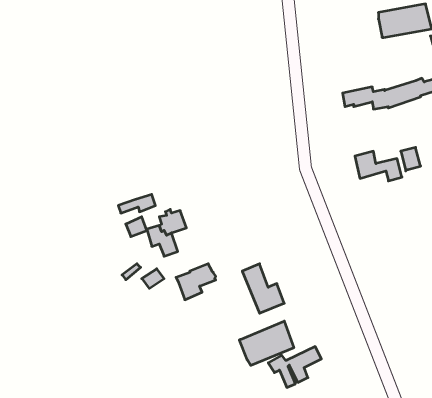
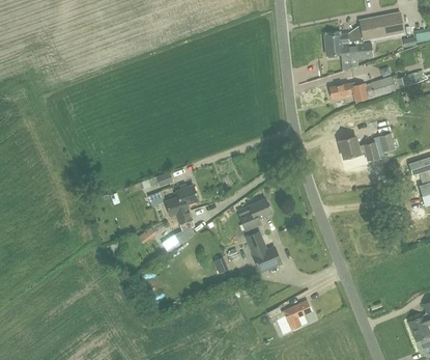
building: none -> [324,24,373,58]
building: [176,264,216,300] -> [238,198,271,228]
building: [239,321,294,365] -> none

